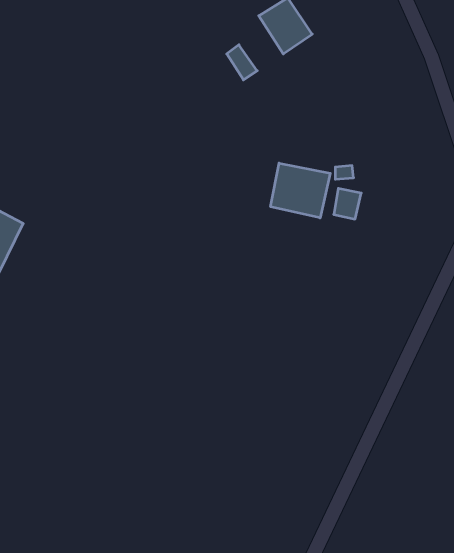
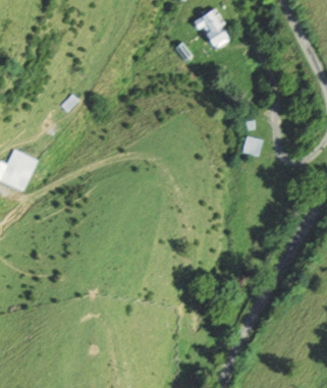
building: [271,163,330,218] -> none

